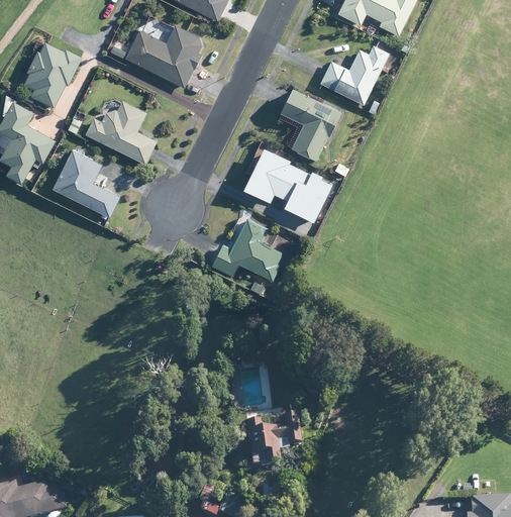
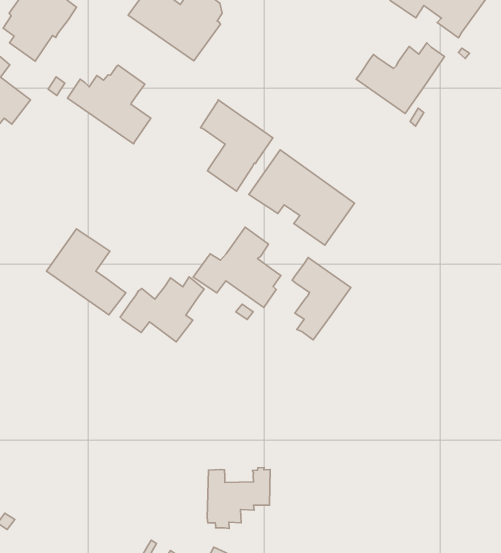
building: [278,89,338,162] -> [200,100,273,191]
building: [50,150,118,217] -> [47,229,126,315]
building: none -> [292,258,351,340]
building: none -> [120,277,204,342]

